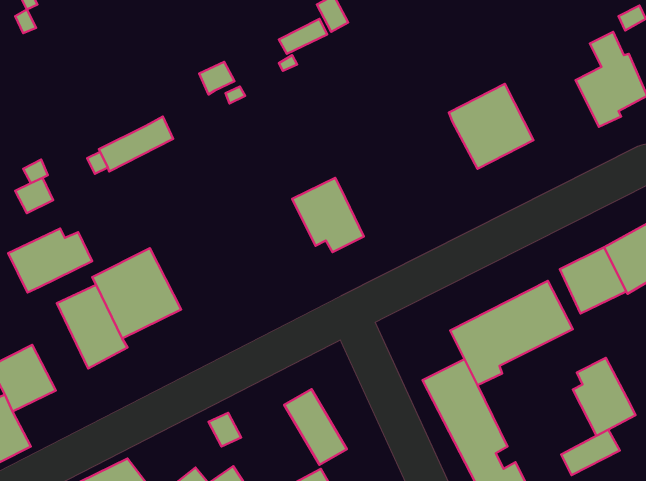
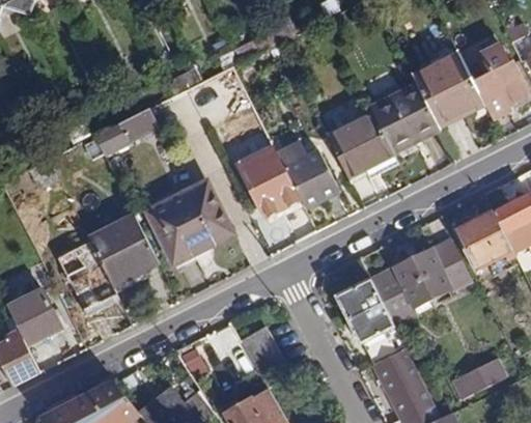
building: none -> [411,51,483,128]
building: none -> [326,113,394,177]
building: none -> [284,150,337,205]
building: none -> [145,180,231,263]
building: [8,228,92,293] -> none
building: none -> [338,279,383,318]
building: [573,358,636,436] -> none

